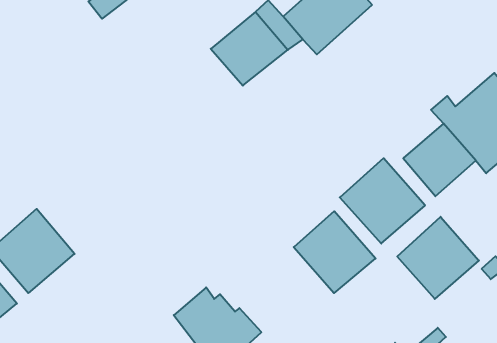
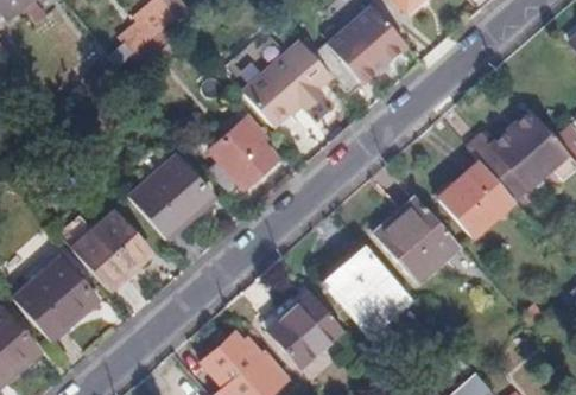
building: none -> [211,120,278,196]
building: none -> [128,144,215,236]
building: none -> [62,208,146,286]
building: [397,217,479,299] -> none
building: none -> [268,297,343,371]

